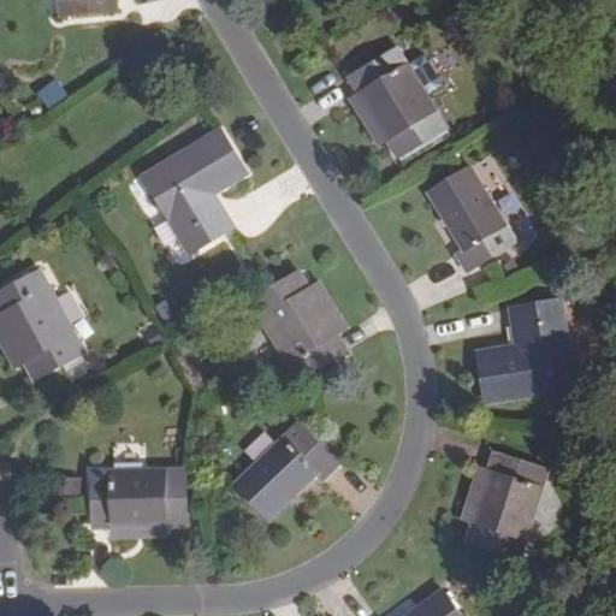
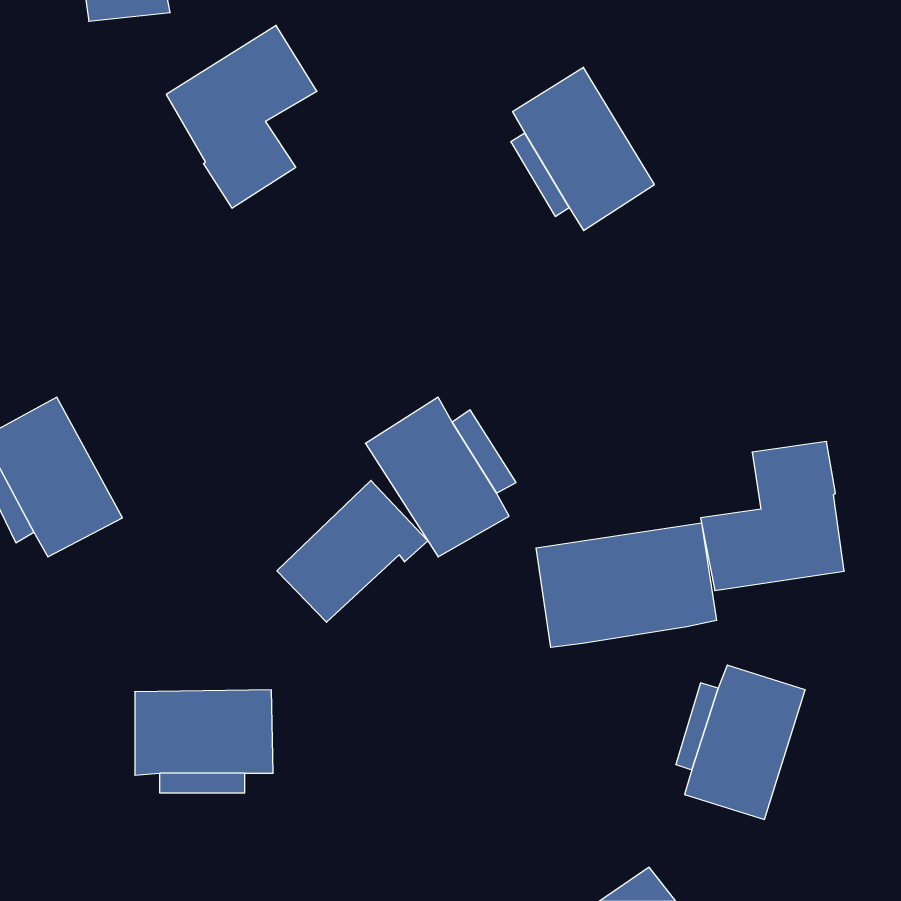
building: [143,128,245,251] -> [166,25,317,208]
building: [426,166,515,270] -> none
building: none -> [536,523,717,647]
building: [233,421,336,517] -> [277,480,428,622]

